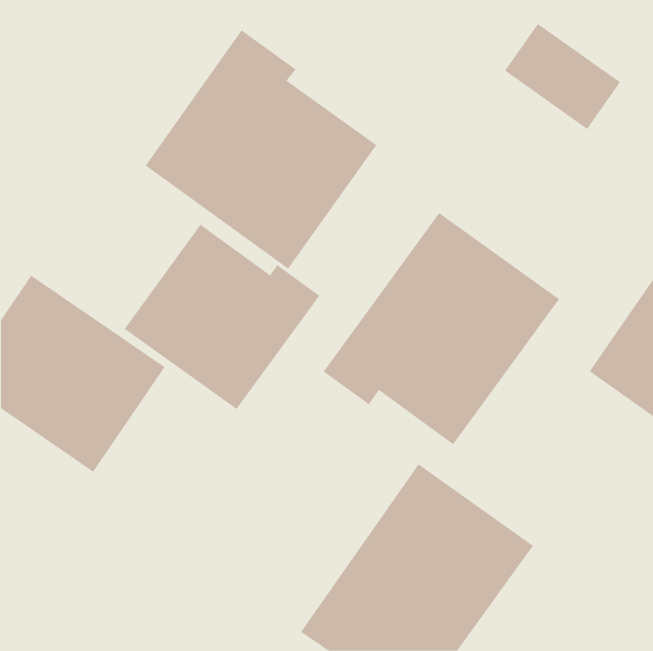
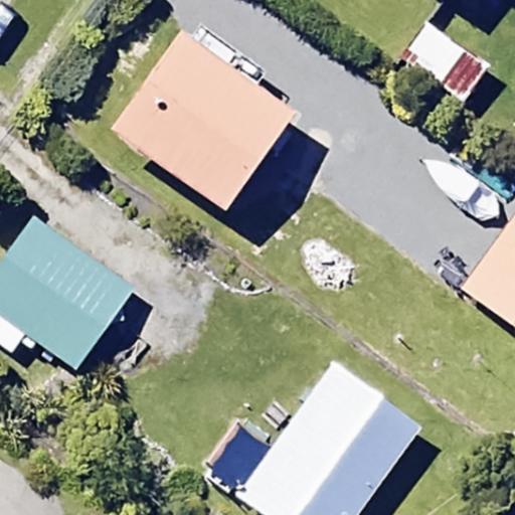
building: [323,212,560,445] -> none
building: [124,224,320,410] -> none

